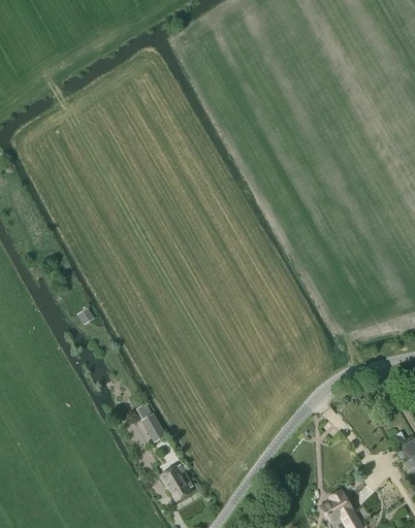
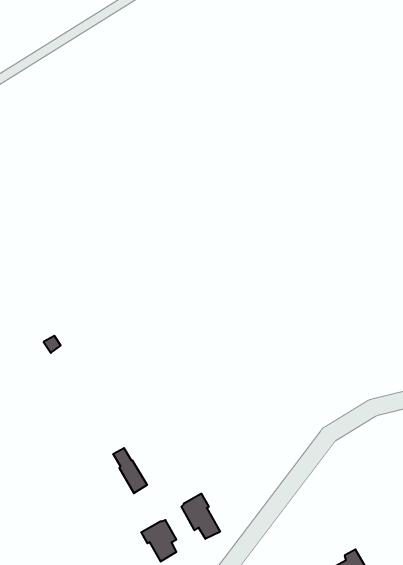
building: none -> [181,494,220,539]

